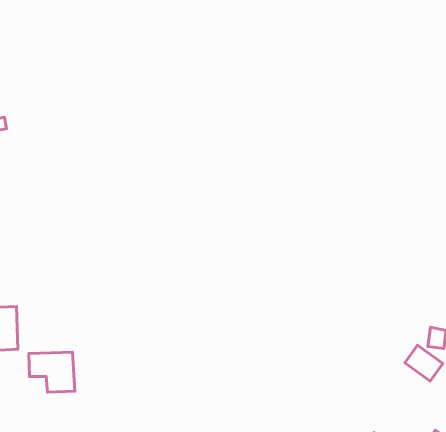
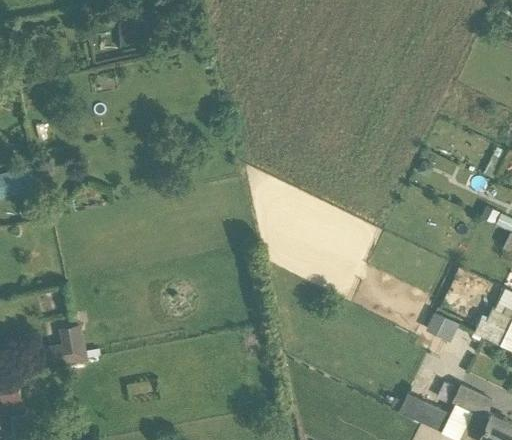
building: [29,352,75,392] -> none

